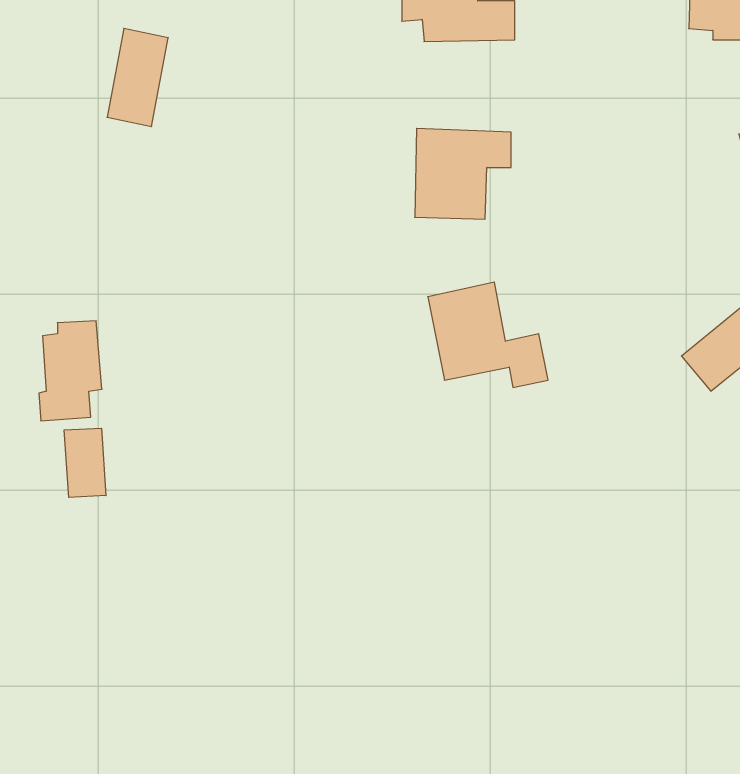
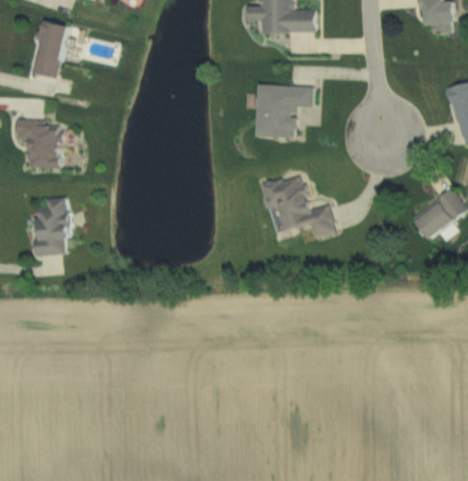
building: [107,28,168,127] -> [33,20,69,77]
building: none -> [15,121,62,167]
building: [64,428,106,497] -> none

